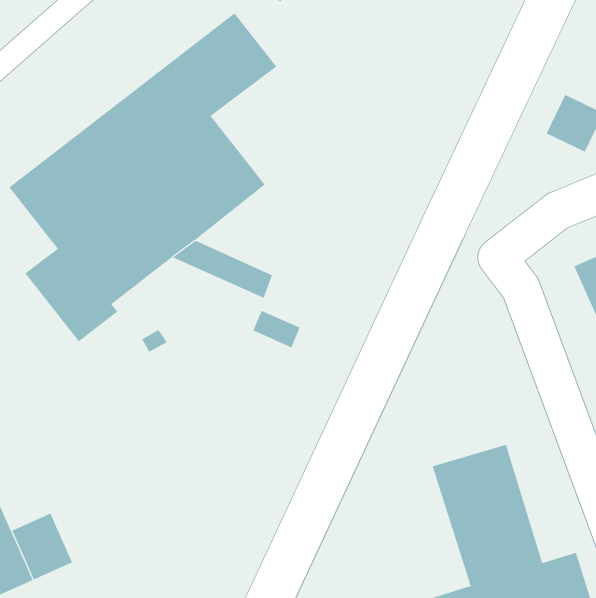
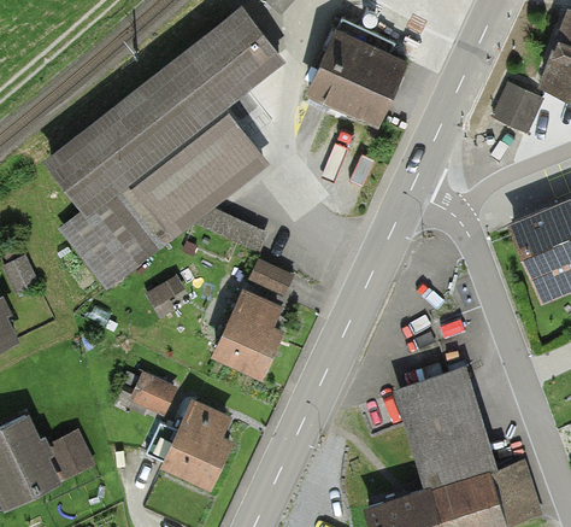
building: none -> [308,18,402,118]
building: none -> [213,289,277,371]
building: none -> [114,375,170,412]
building: none -> [145,400,228,482]

